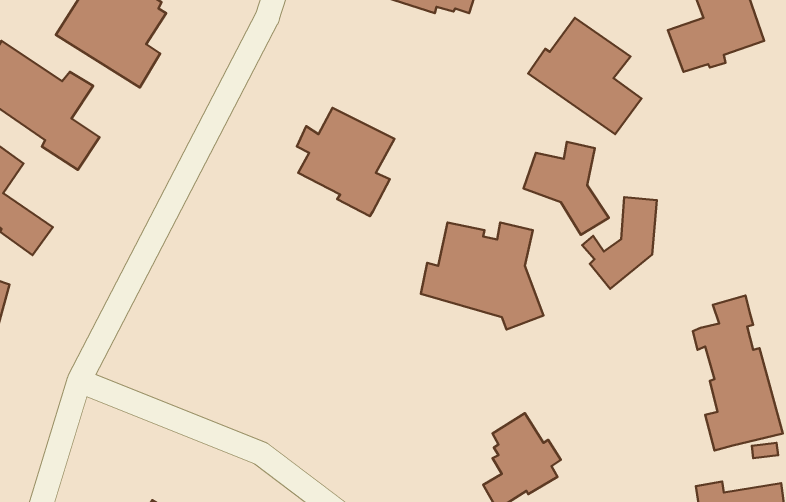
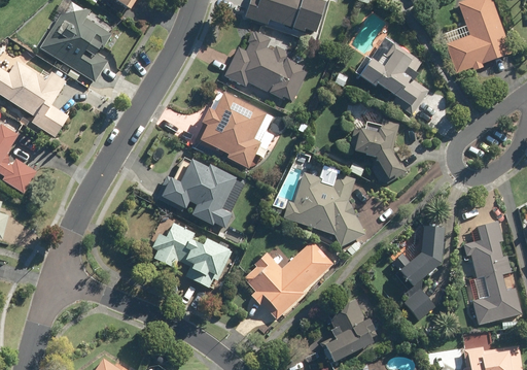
building: none -> [223,35,305,102]
building: [582,197,657,289] -> [393,225,443,285]
building: none -> [155,160,237,227]
building: none -> [150,216,231,290]
building: none -> [243,238,333,318]
building: none -> [401,288,433,319]

